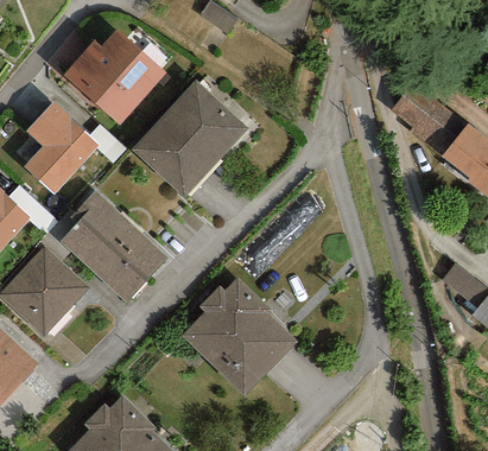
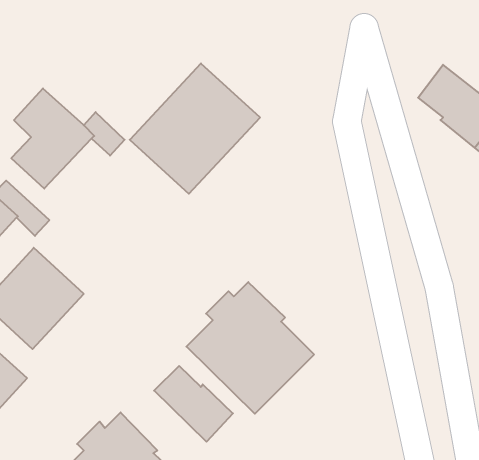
building: [63,28,166,125] -> none
building: [59,190,167,301] -> none
building: none -> [154,366,233,442]

